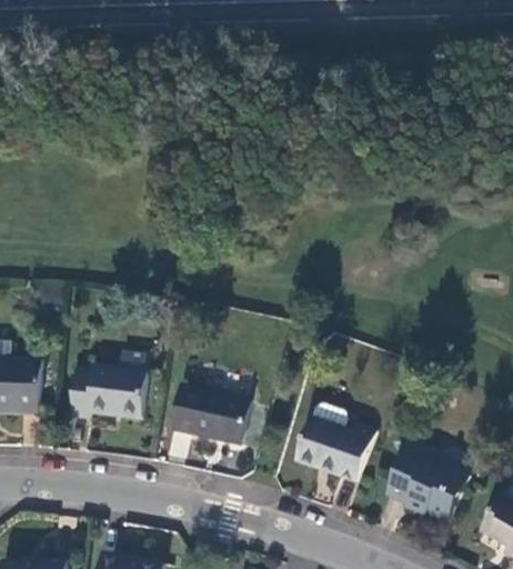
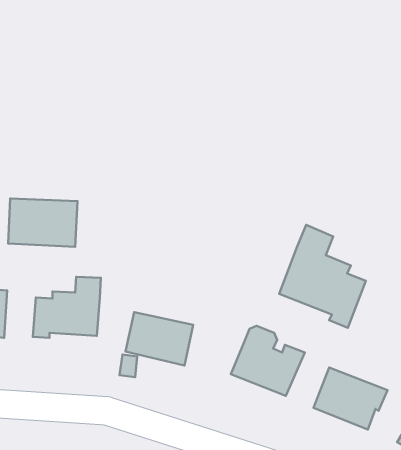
building: none -> [8,199,78,247]
building: none -> [279,225,366,328]

